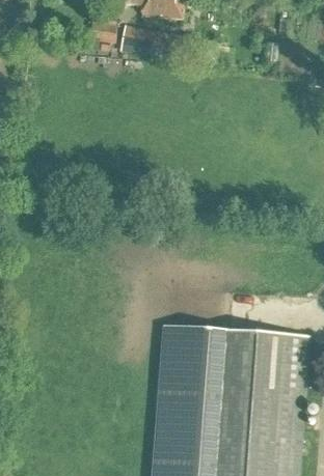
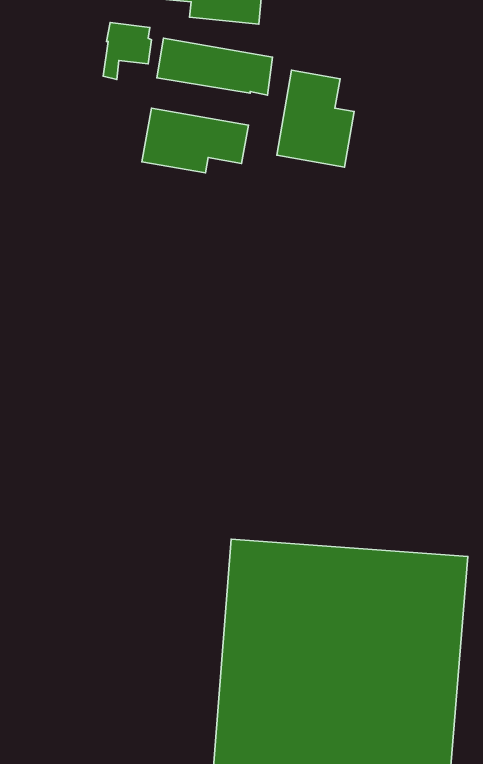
building: none -> [277,70,354,167]
building: none -> [142,108,249,173]

